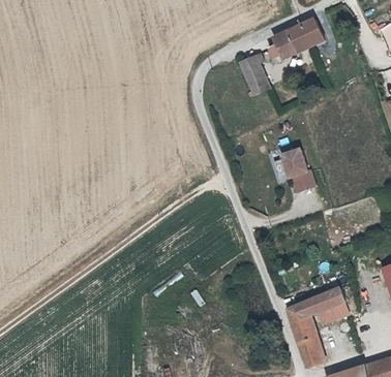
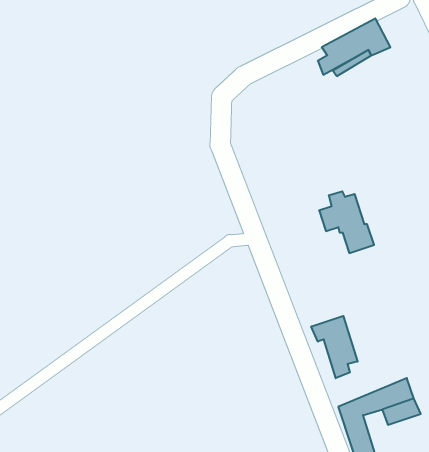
building: [240,56,269,95] -> none
building: none -> [311,316,358,378]

